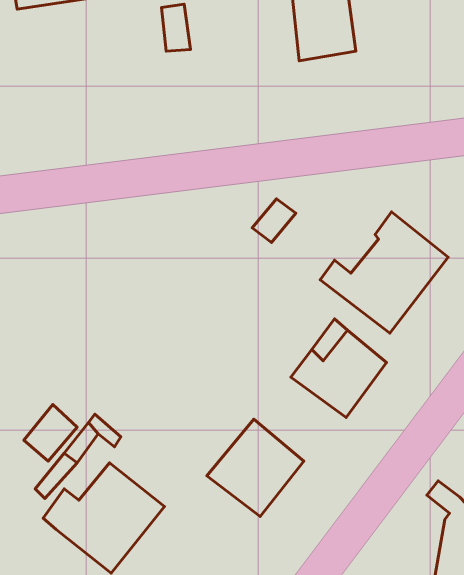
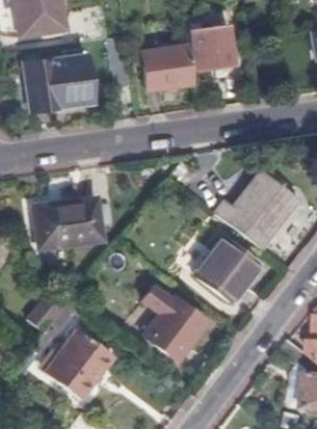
building: none -> [147,46,197,89]
building: none -> [26,55,94,112]
building: none -> [34,197,101,265]

